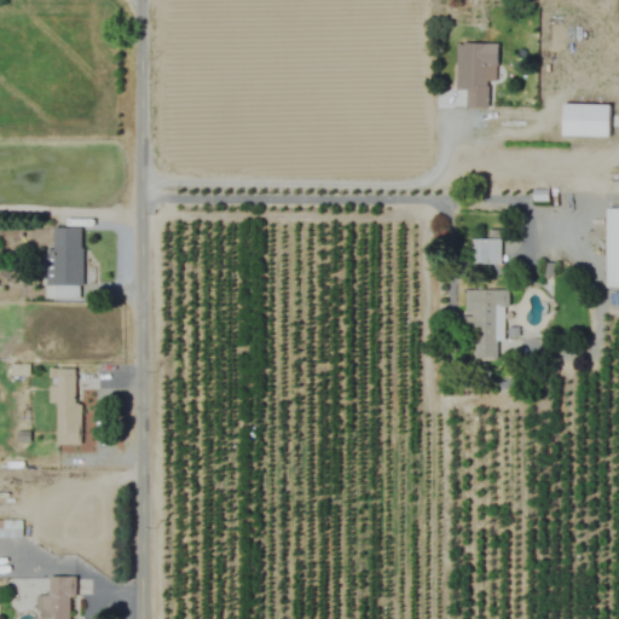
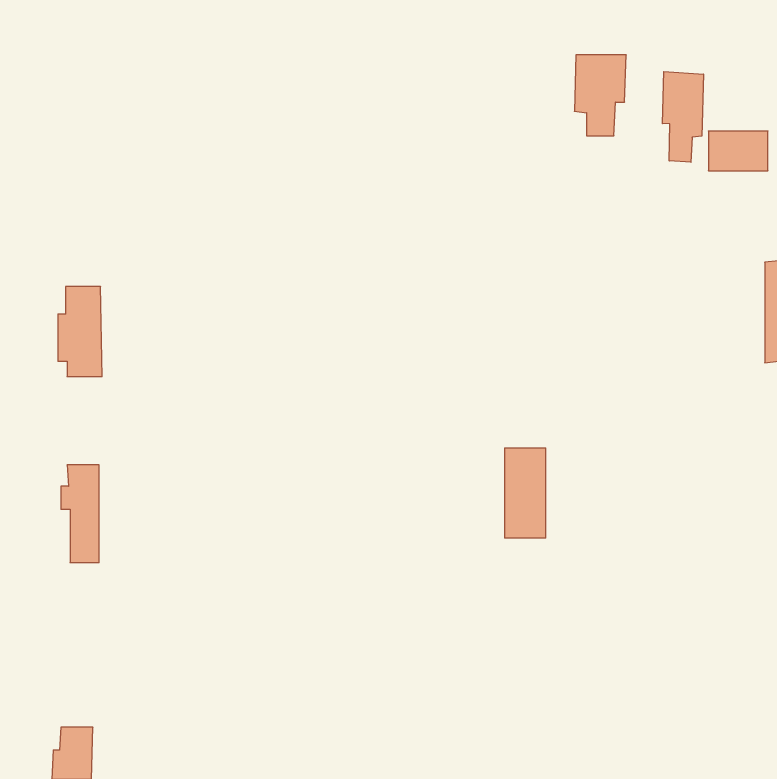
building: none -> [662,72,703,162]
building: [472,239,502,264] -> none
building: [469,289,502,360] -> [505,448,546,538]

